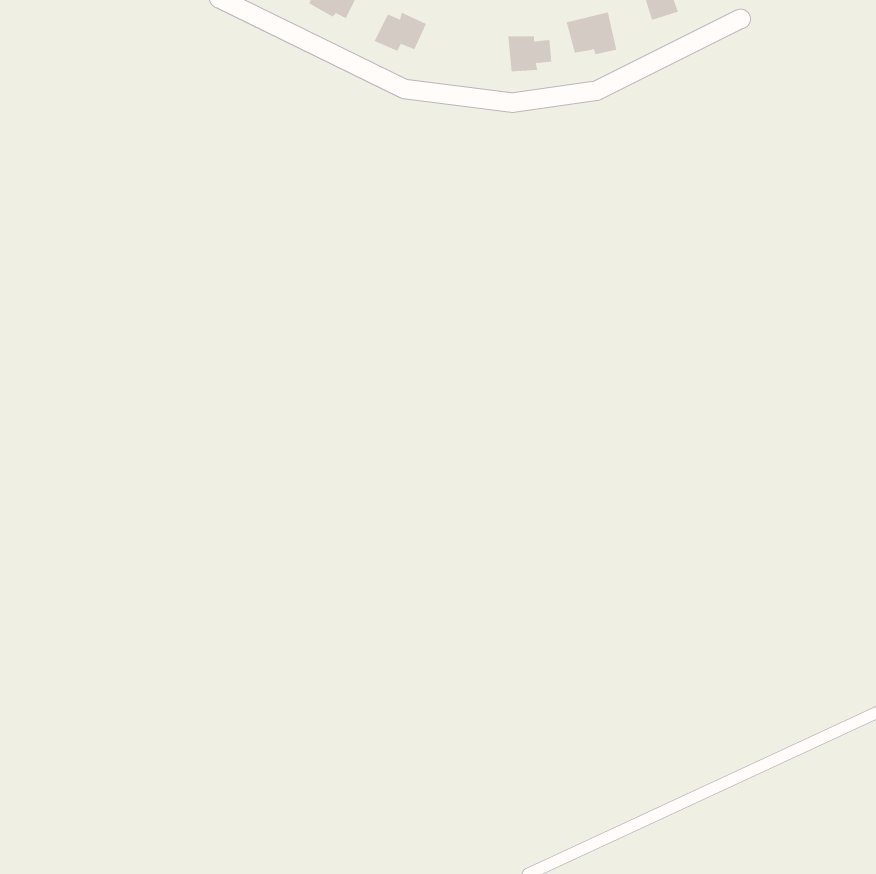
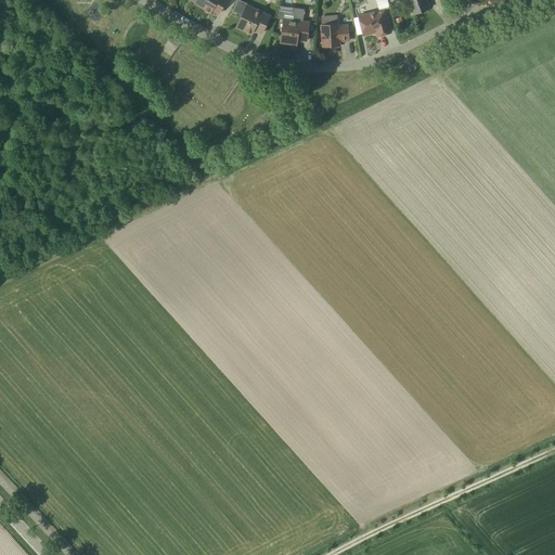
building: none -> [276,5,309,43]

